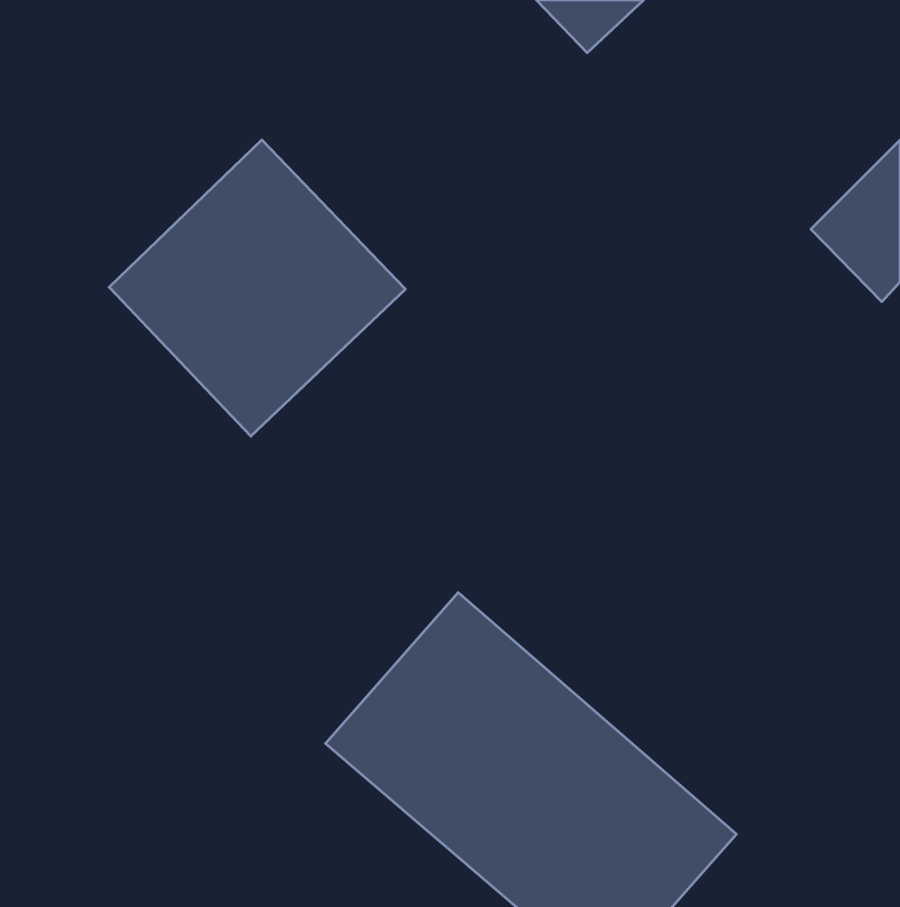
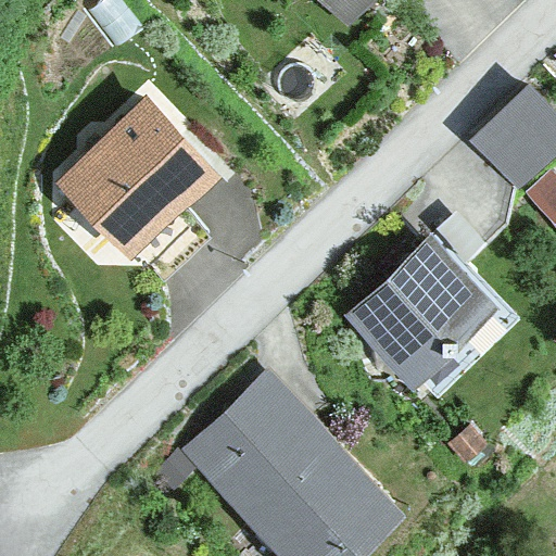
building: none -> [361,235,530,403]

